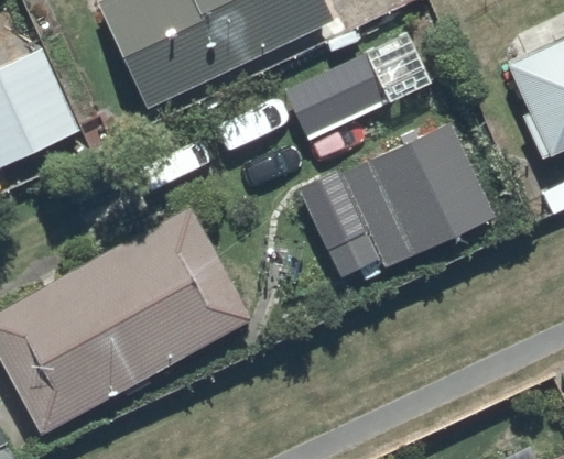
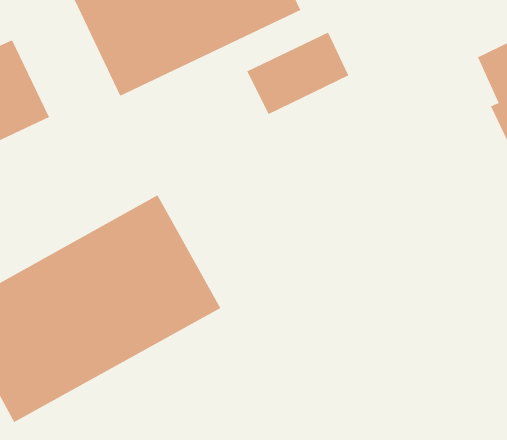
building: [301,128,496,284] -> none

